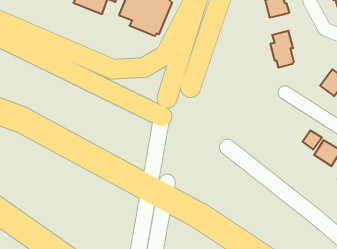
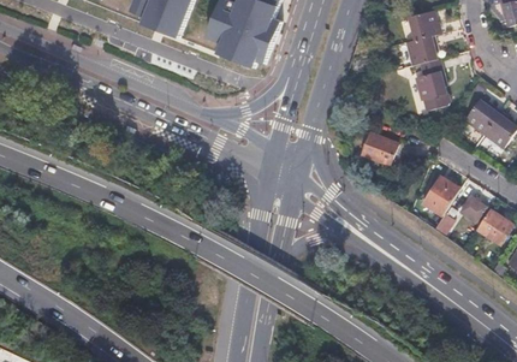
building: none -> [406,36,436,66]
building: none -> [464,101,500,135]
building: none -> [362,133,397,165]
building: none -> [422,176,459,215]

